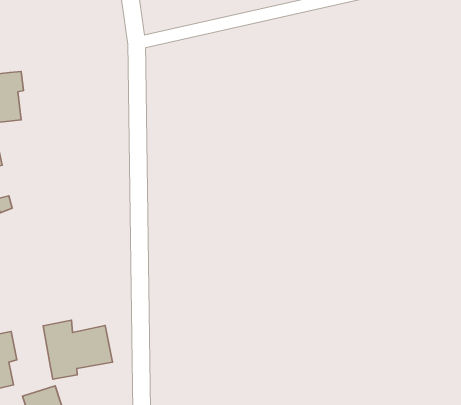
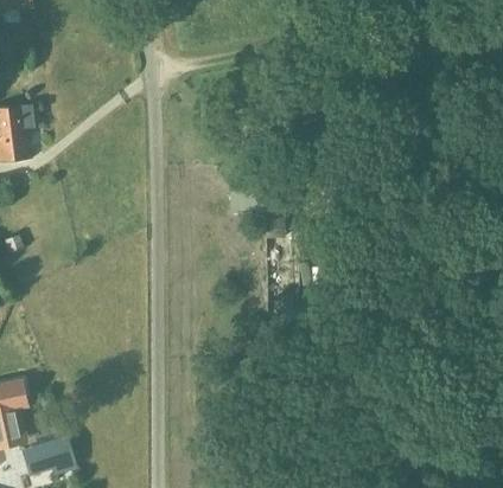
building: [43,320,112,379] -> none

